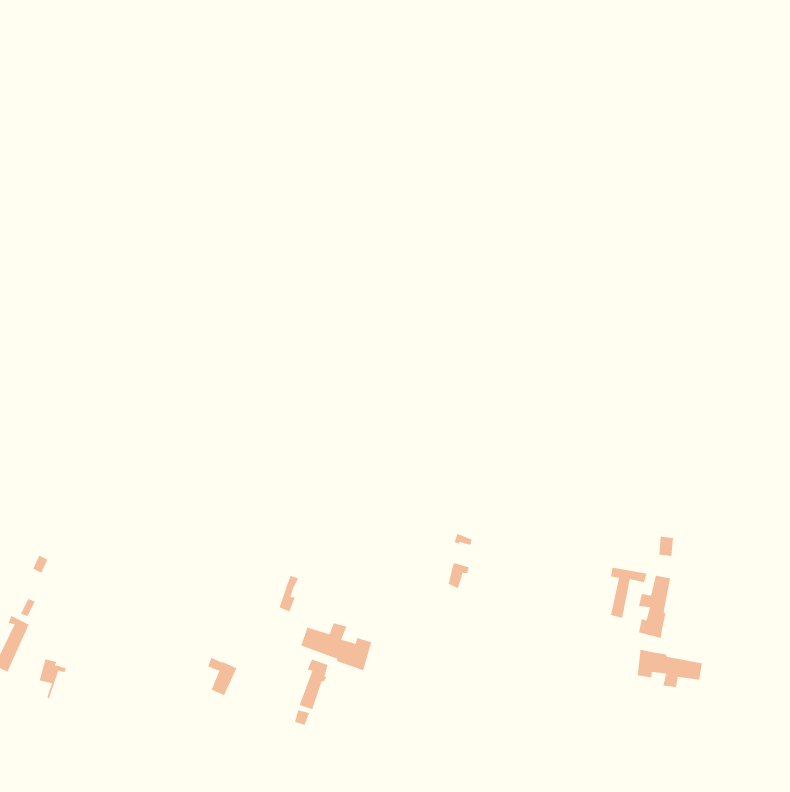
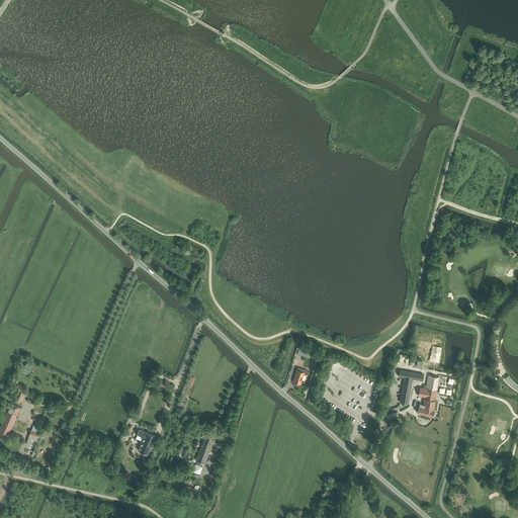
building: [300,622,372,671] -> none
building: [637,649,703,688] -> none

